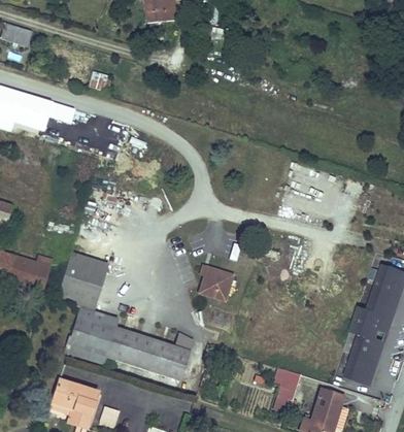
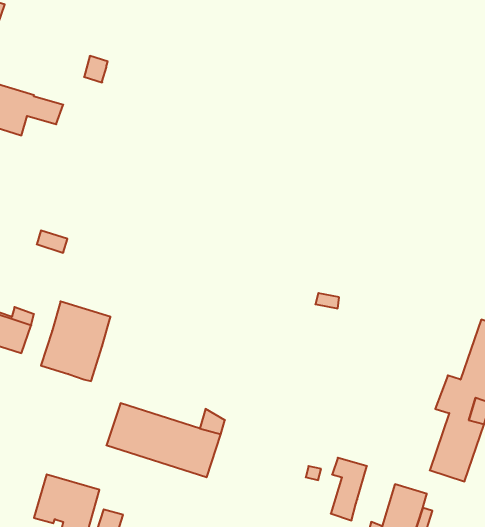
building: [201,267,232,297] -> none
building: [65,305,119,366] -> none

